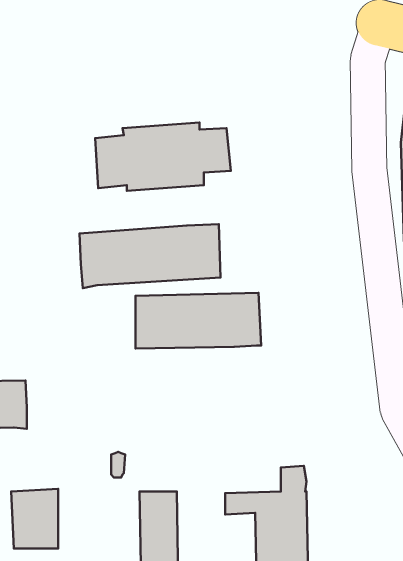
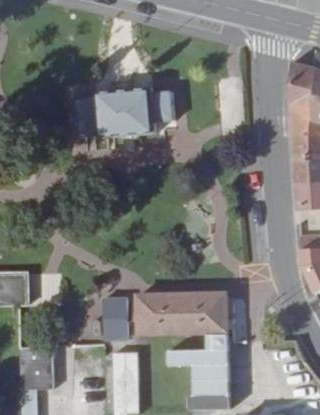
building: [80,224,220,288] -> none
building: [136,293,261,348] -> [140,294,228,333]
building: none -> [105,306,128,341]

